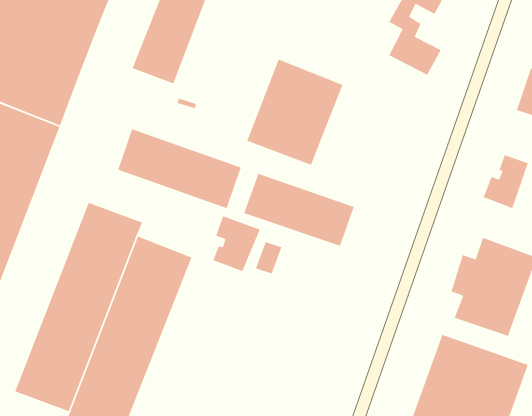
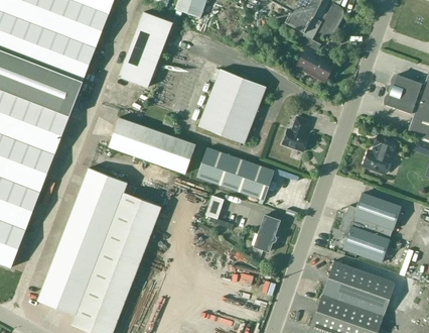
building: none -> [282,117,308,151]
building: [212,215,261,272] -> none
building: none -> [254,215,280,251]

